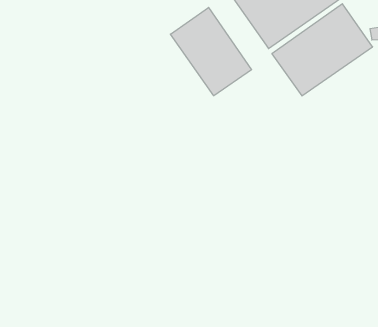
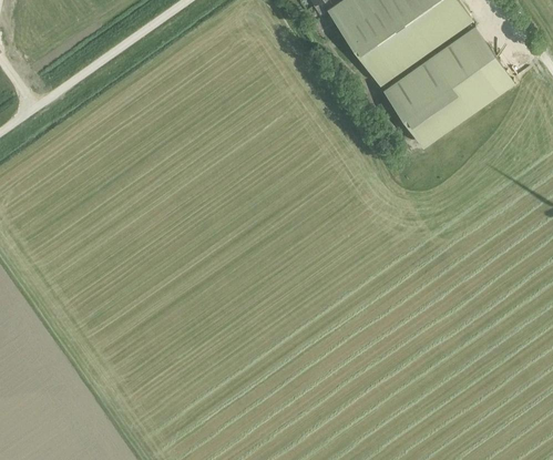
building: [170,7,252,96] -> none

